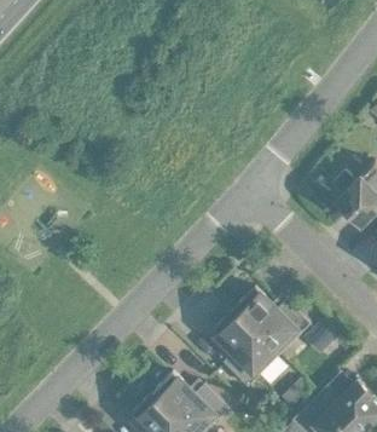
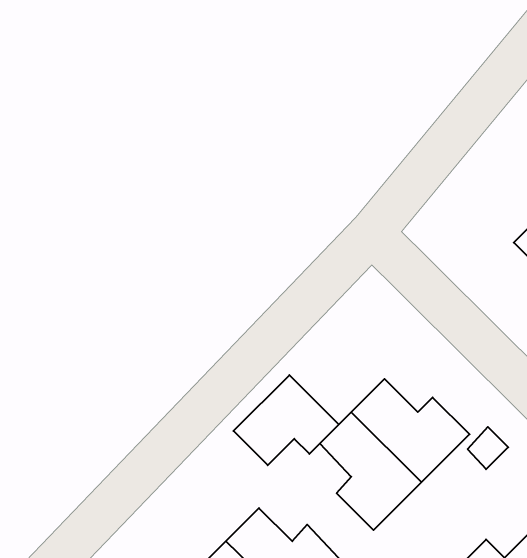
building: none -> [233,375,339,465]

